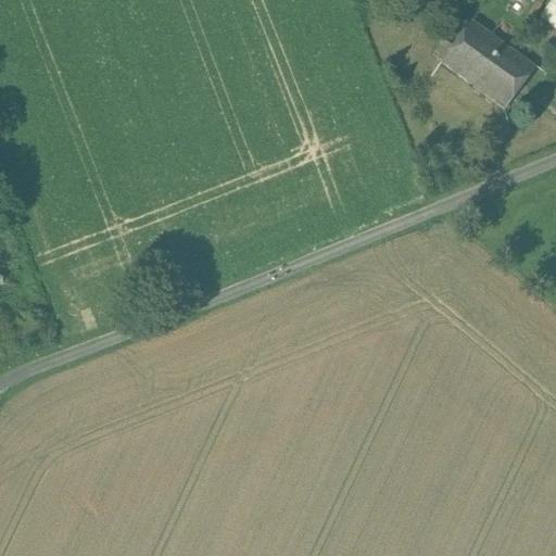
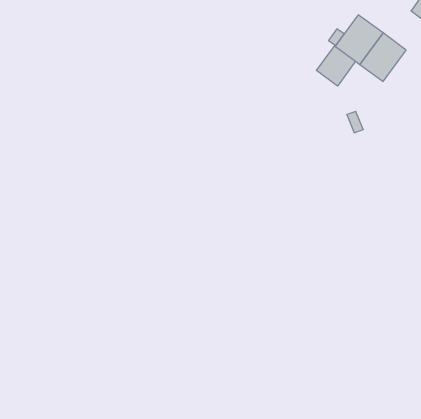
building: none -> [316,46,356,86]

